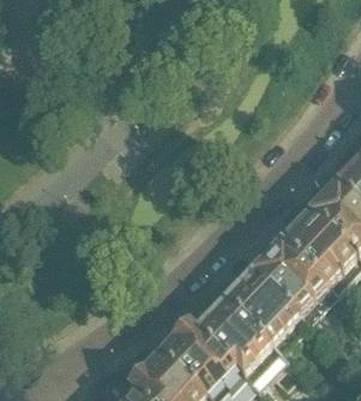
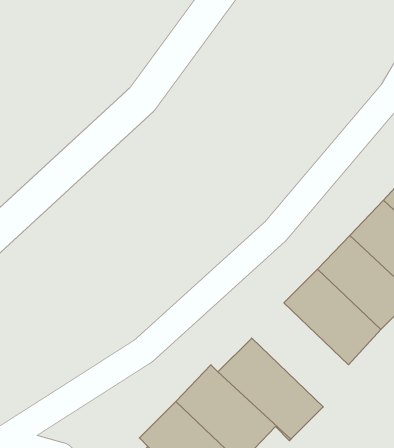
building: [223,267,306,355] -> none

